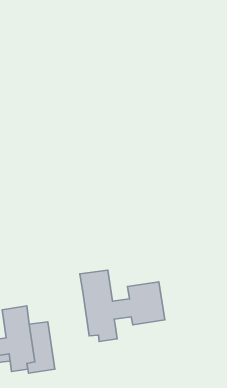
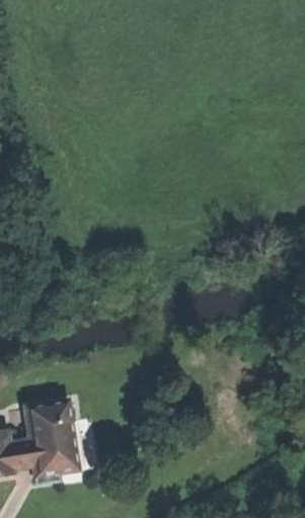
building: [80,270,165,341] -> none

